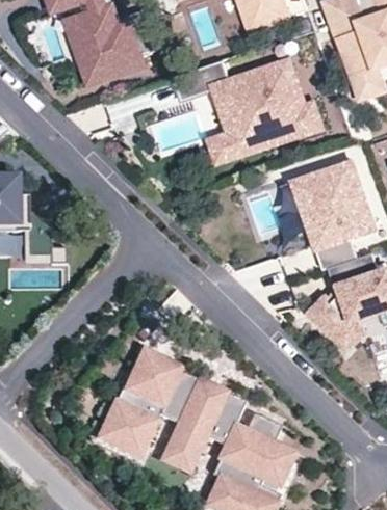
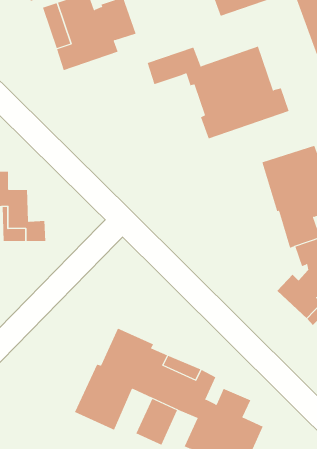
building: [204,88,235,163] -> none

